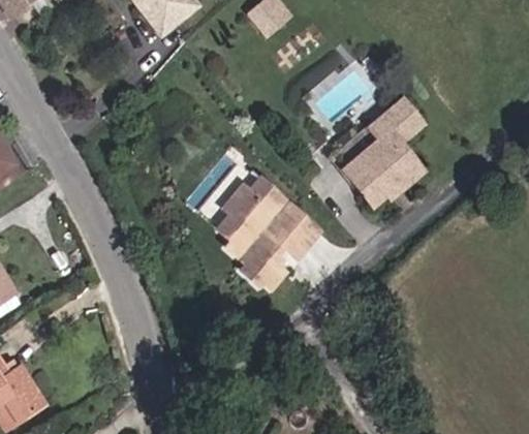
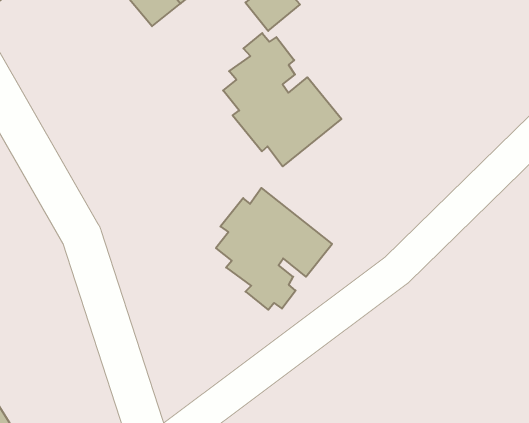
building: none -> [223,33,341,166]
building: [340,102,418,206] -> none

